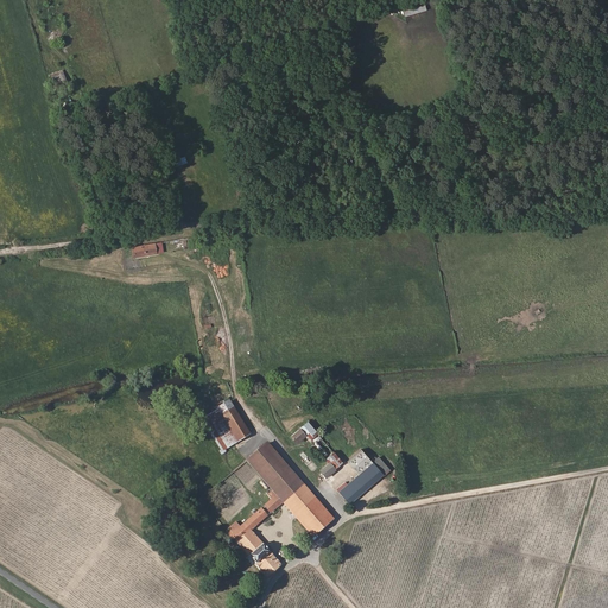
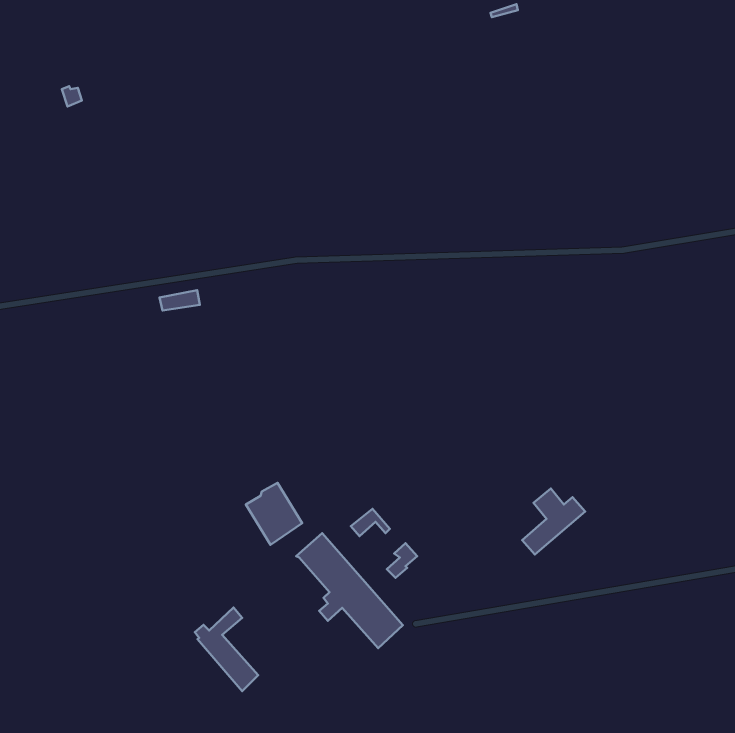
building: [338,448,391,502] -> [522,489,585,555]
building: [228,507,280,576] -> [195,608,258,691]

